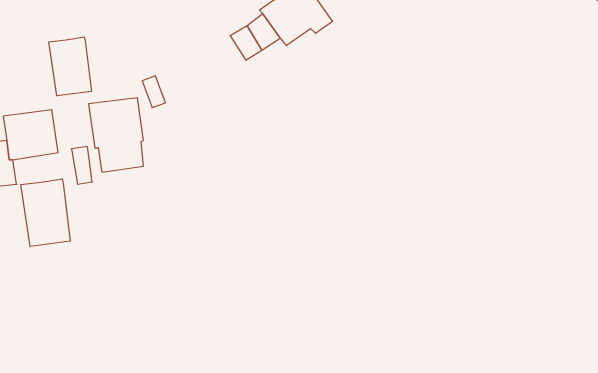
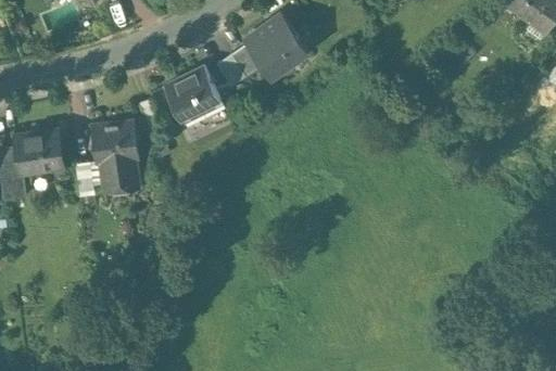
building: [49,37,91,96] -> none
building: none -> [165,67,219,118]
building: [21,179,70,247] -> none

